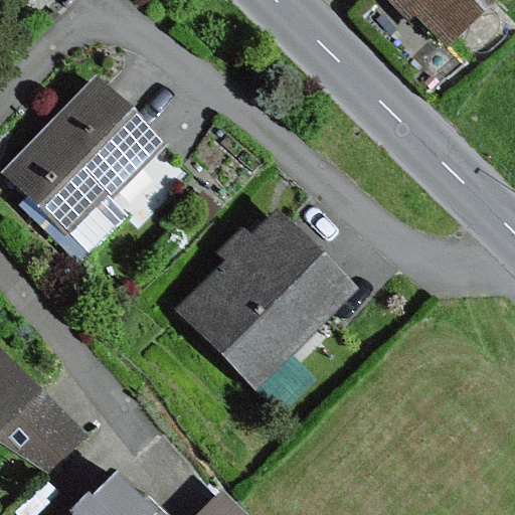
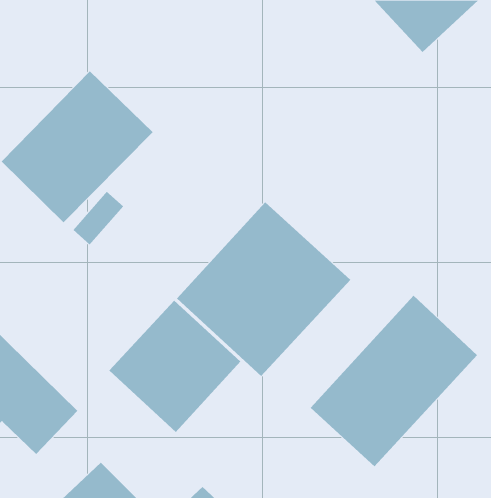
building: none -> [310,295,478,467]
building: none -> [109,300,241,433]

